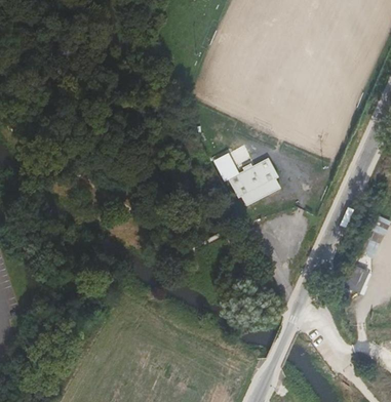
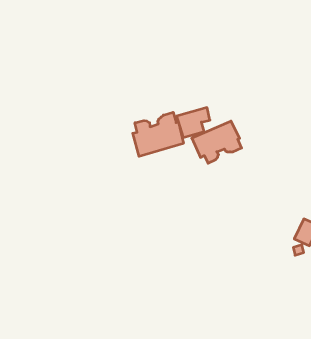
building: none -> [133,112,183,156]

